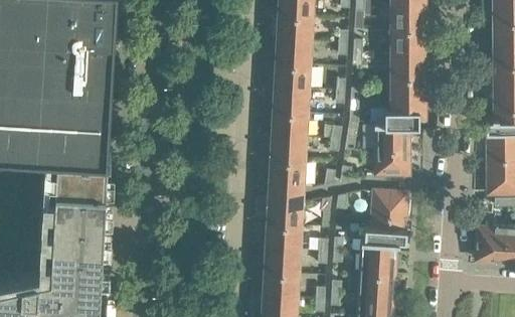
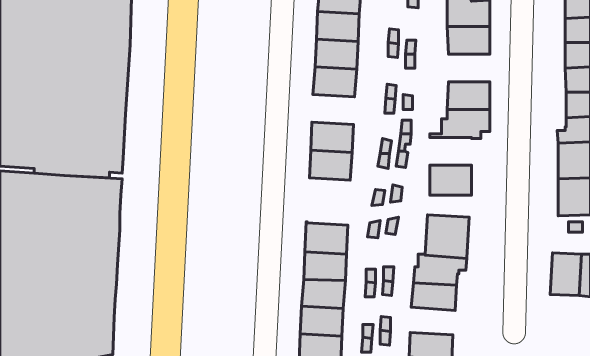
building: [390,52,426,76] -> none
building: [272,88,309,114] -> none
building: [374,125,410,149] -> none
building: [268,160,305,187] -> none
building: [357,273,396,297] -> none

